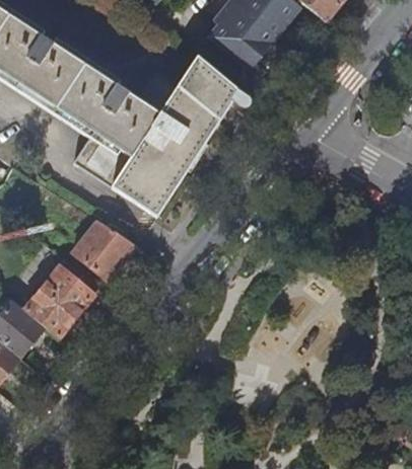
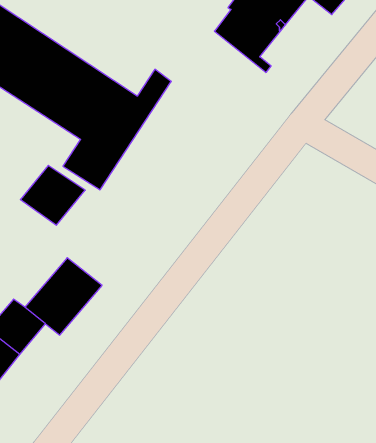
building: [101,57,234,221] -> none
building: [75,219,139,278] -> [20,165,85,225]

